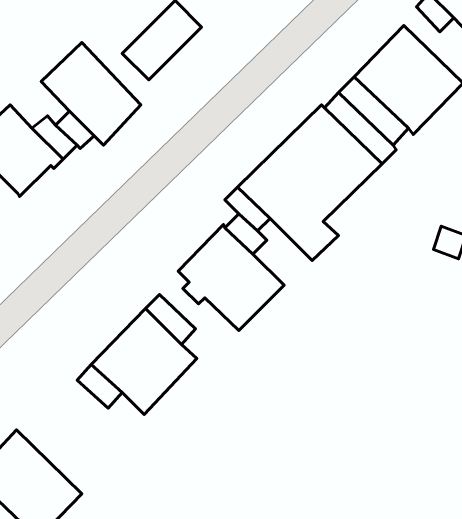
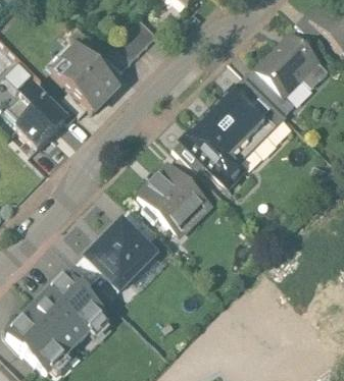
building: none -> [36,270,107,341]

